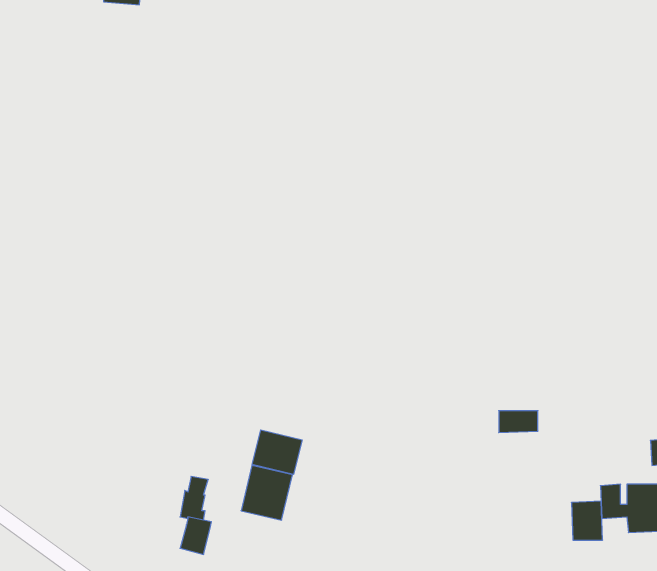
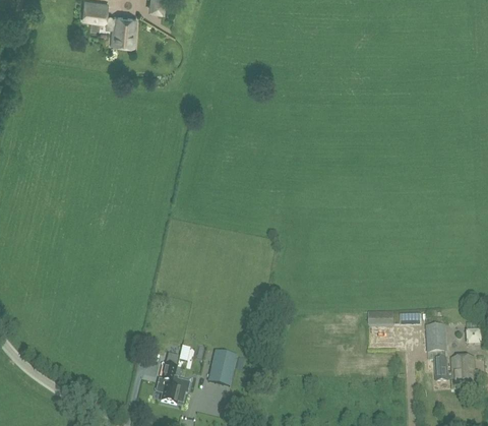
building: [252,430,302,474] -> none
building: [571,501,603,540] -> [427,325,447,351]

